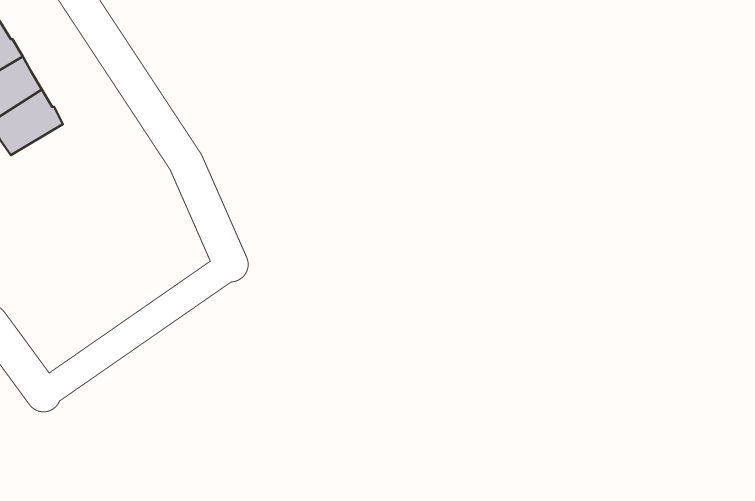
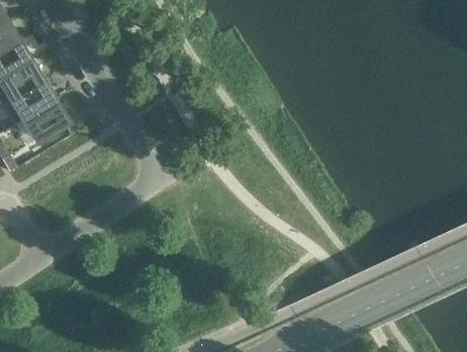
building: none -> [24,101,67,139]

